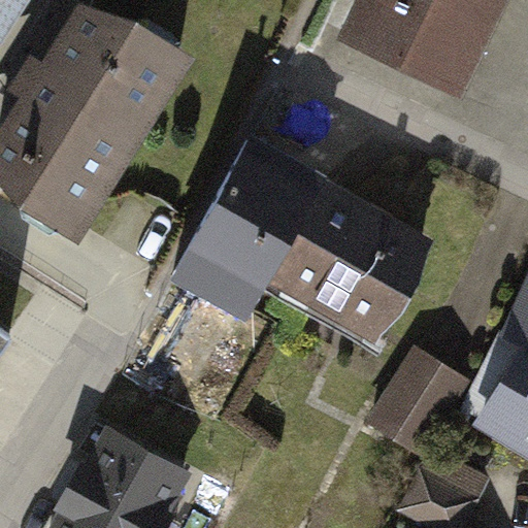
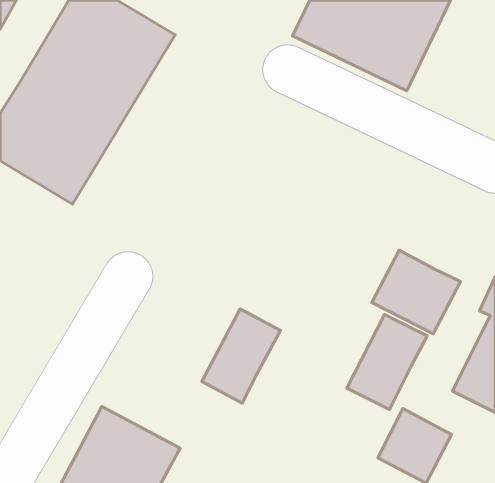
building: [184,148,417,323] -> none
building: none -> [372,250,460,334]
building: none -> [202,309,280,403]

